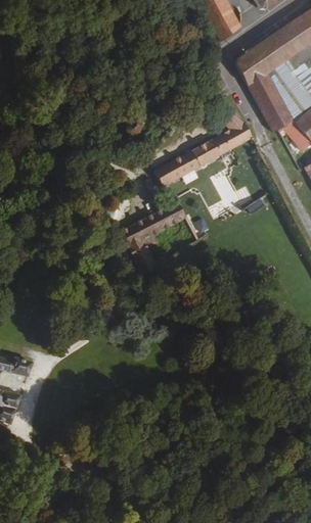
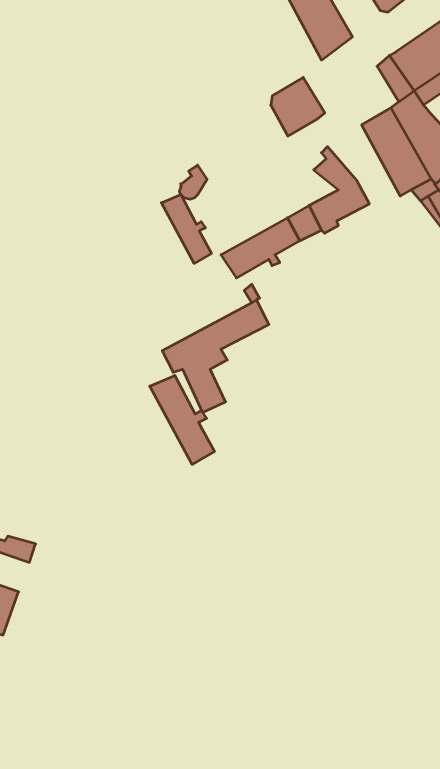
building: [236,46,272,85] -> [271,77,325,136]
building: none -> [161,195,211,263]
building: none -> [150,375,214,464]

